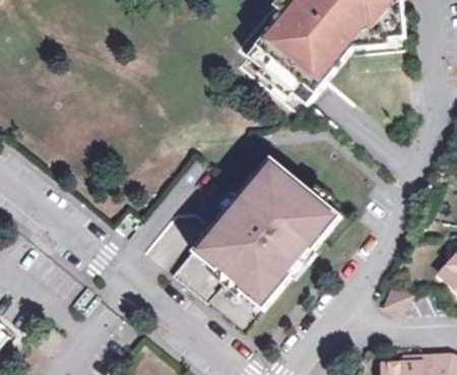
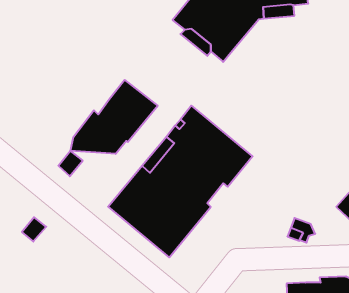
building: none -> [71,80,158,154]

